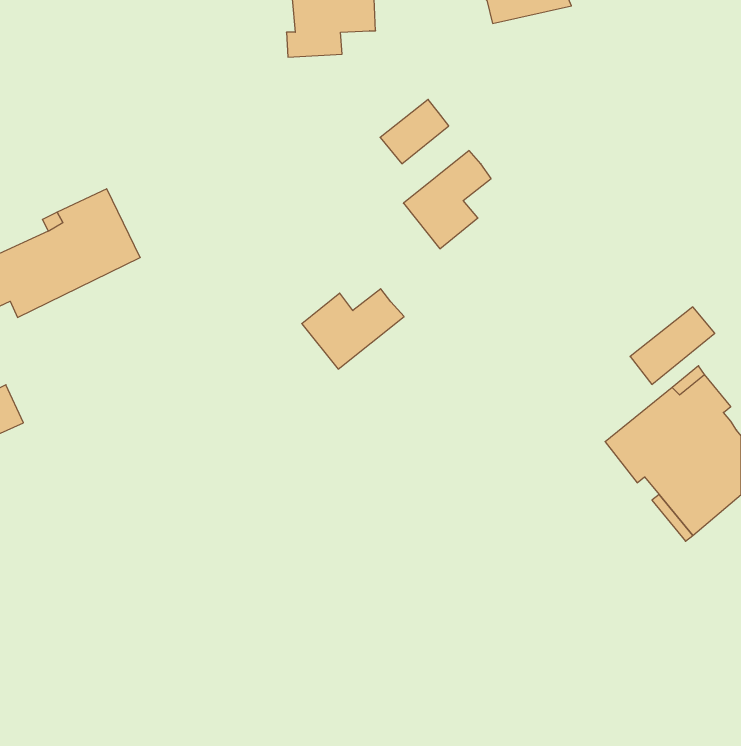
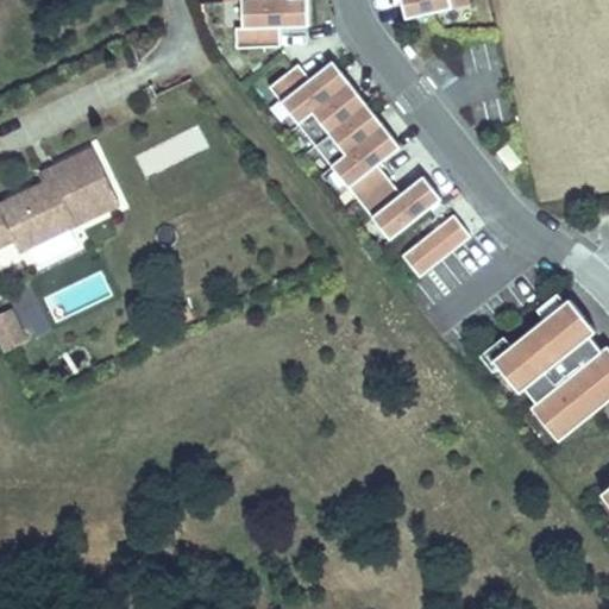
building: none -> [265,58,349,124]
building: none -> [327,102,382,153]
building: [302,289,404,369] -> [358,174,441,239]
building: [630,307,715,384] -> [398,215,467,278]

